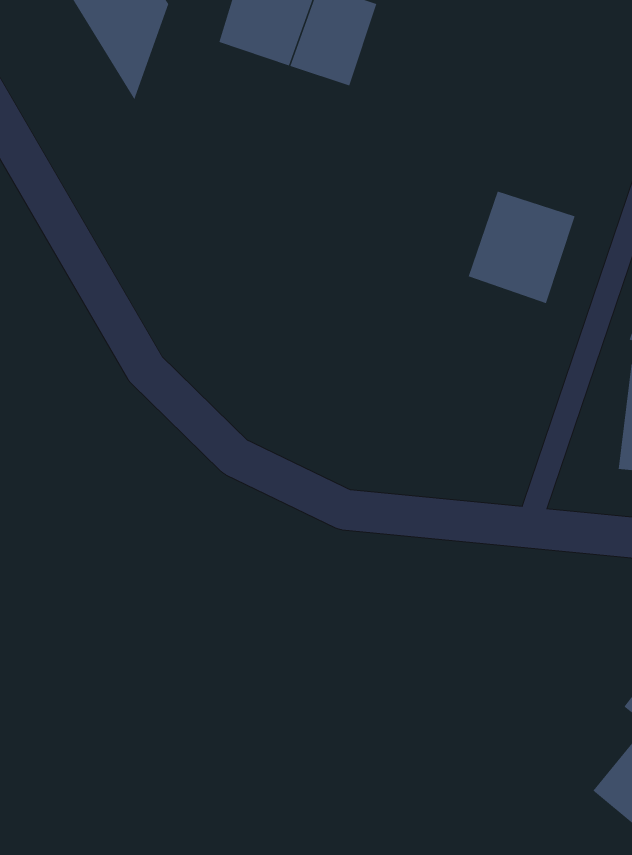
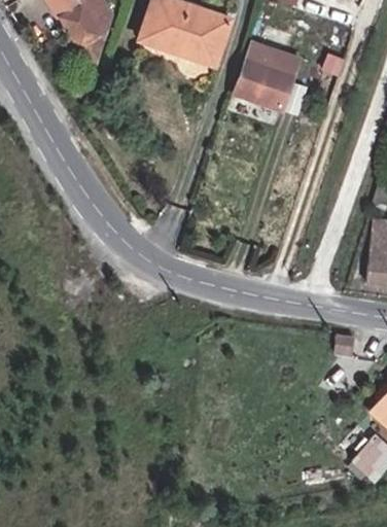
building: [468,191,576,304] -> [236,44,296,108]

